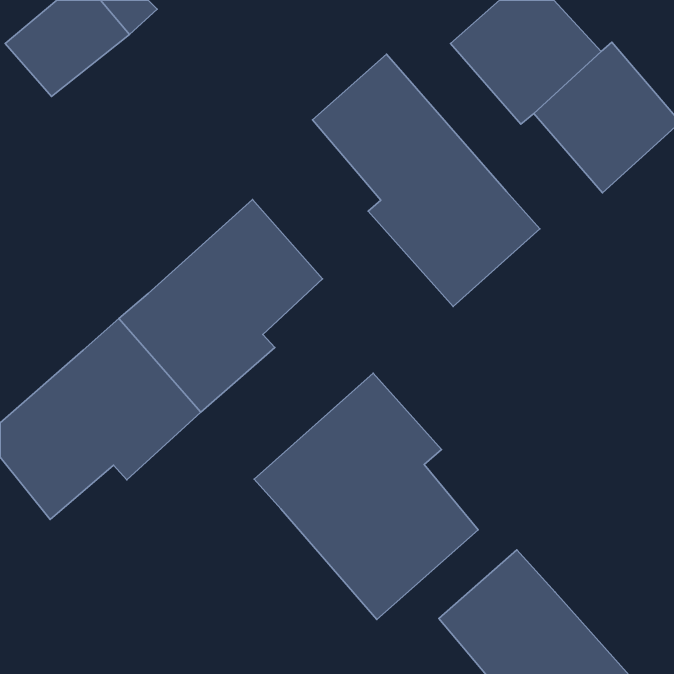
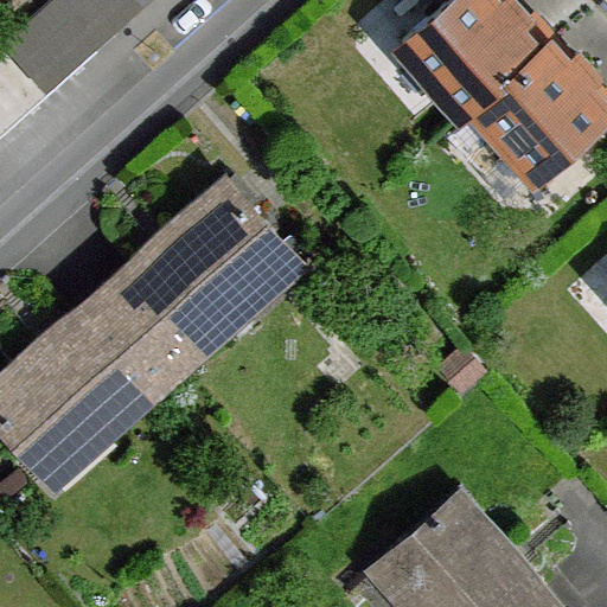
building: [312,54,540,307] -> none
building: [254,373,478,620] -> none

